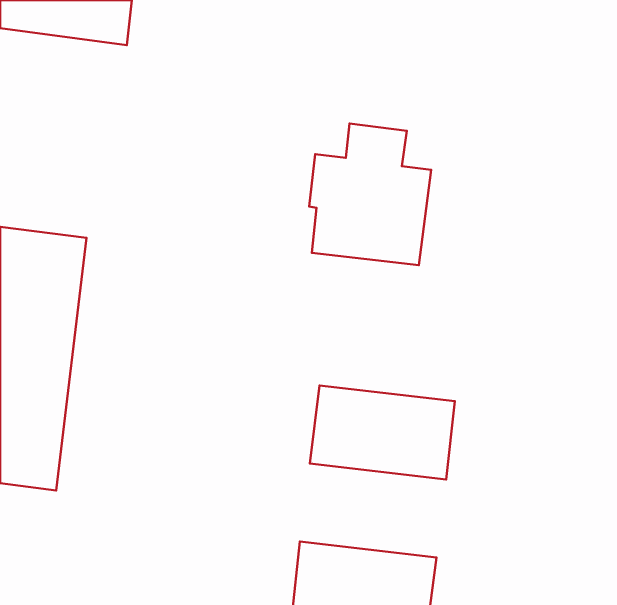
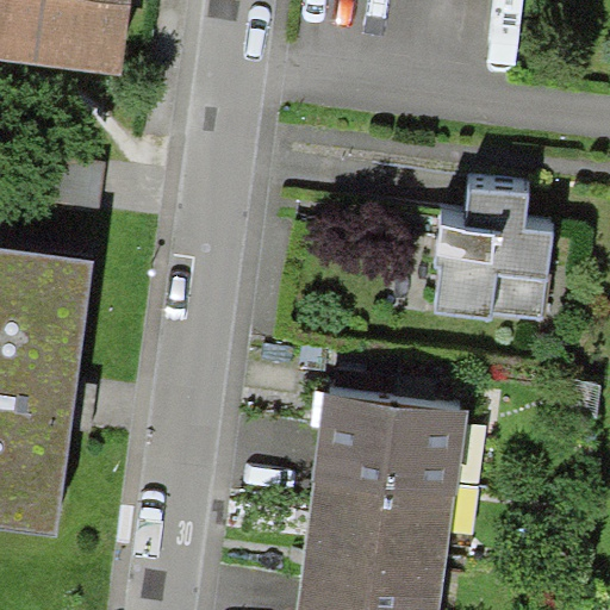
building: [309,124,431,265] -> [438,187,558,325]
building: none -> [299,471,442,562]

